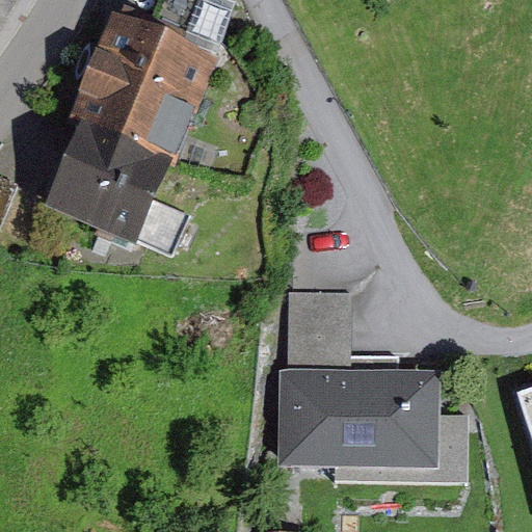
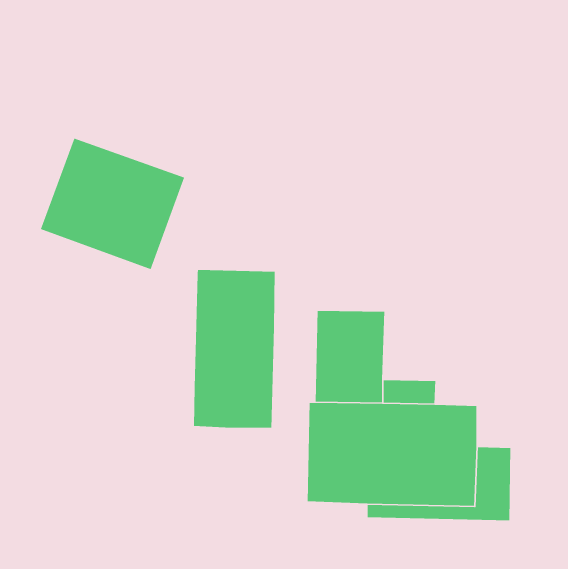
building: [68,15,211,162] -> none
building: none -> [193,269,275,429]

